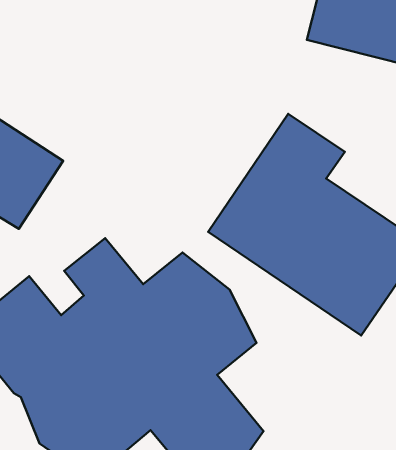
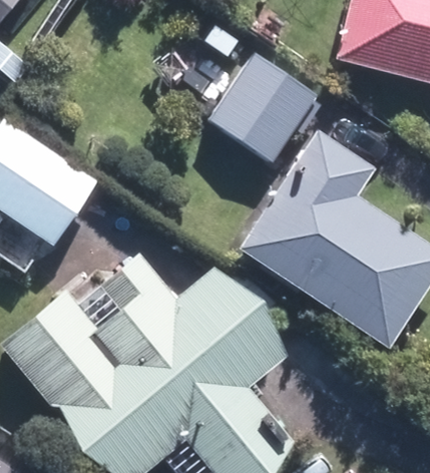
building: none -> [210,52,319,161]

